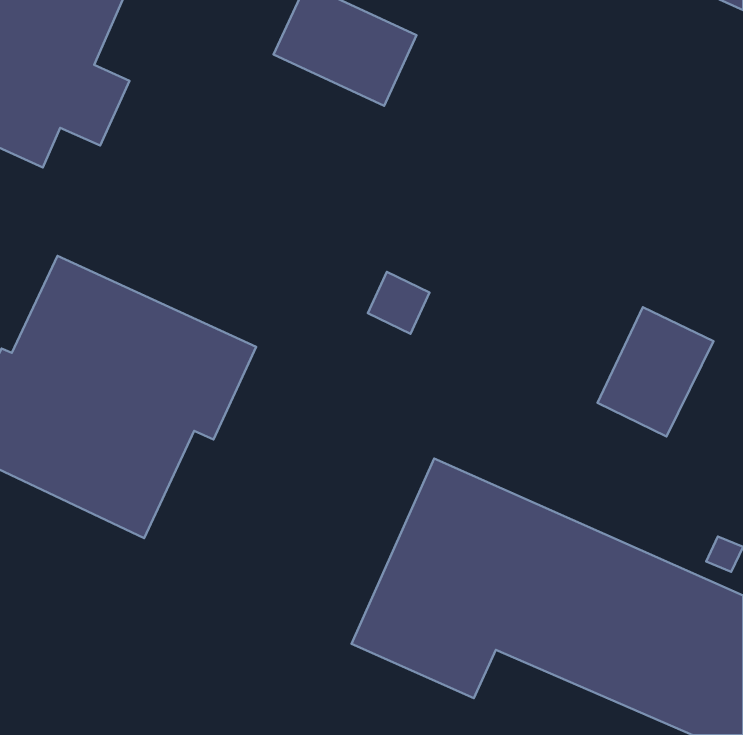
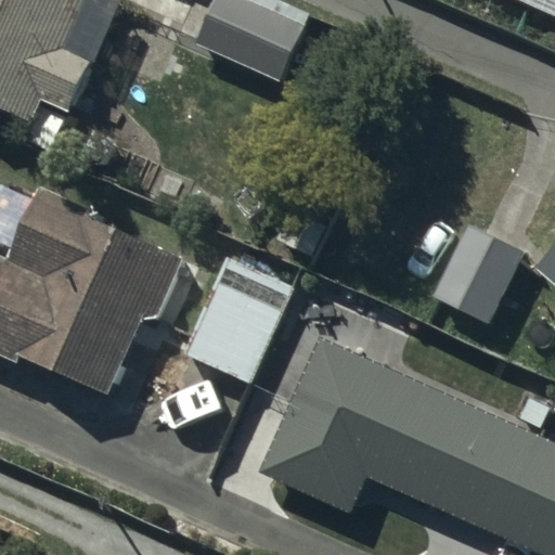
building: none -> [186,249,294,373]

